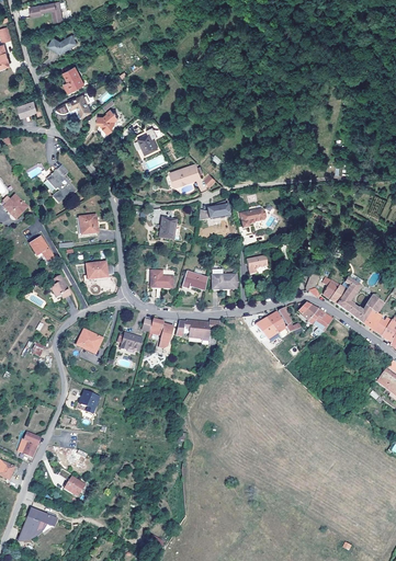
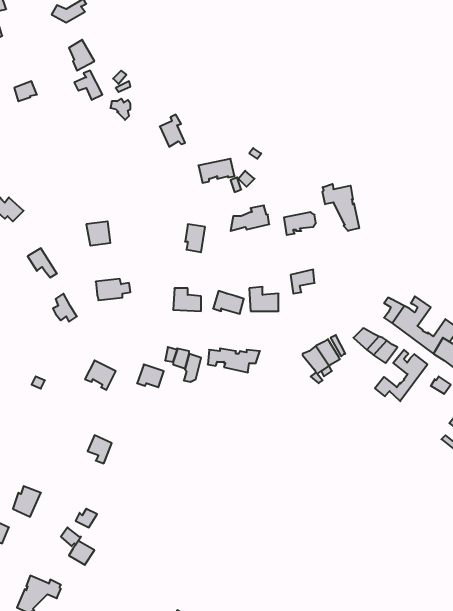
building: [47,165,77,202] -> none
building: none -> [322,184,359,231]
building: none -> [375,350,427,401]

